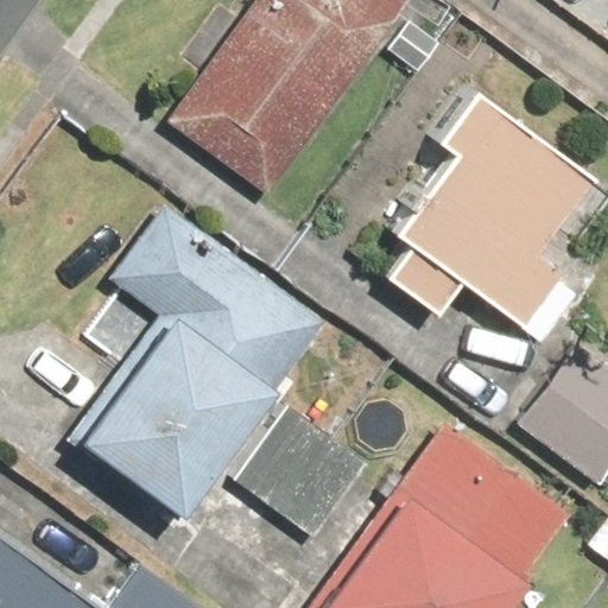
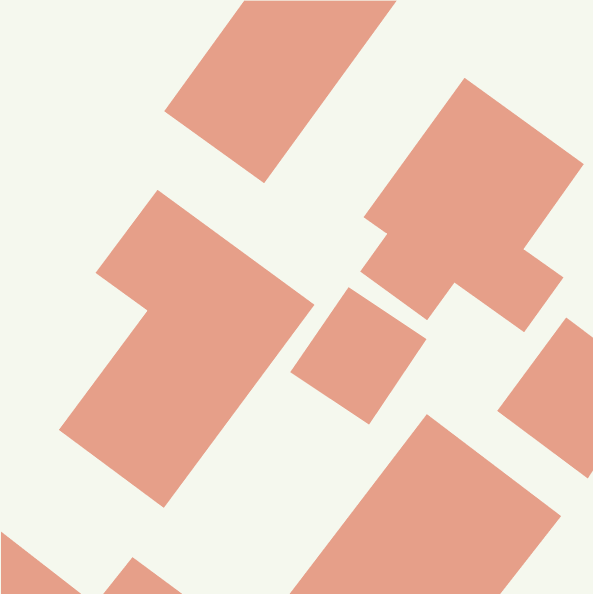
building: [228,400,367,540] -> [289,286,427,425]

